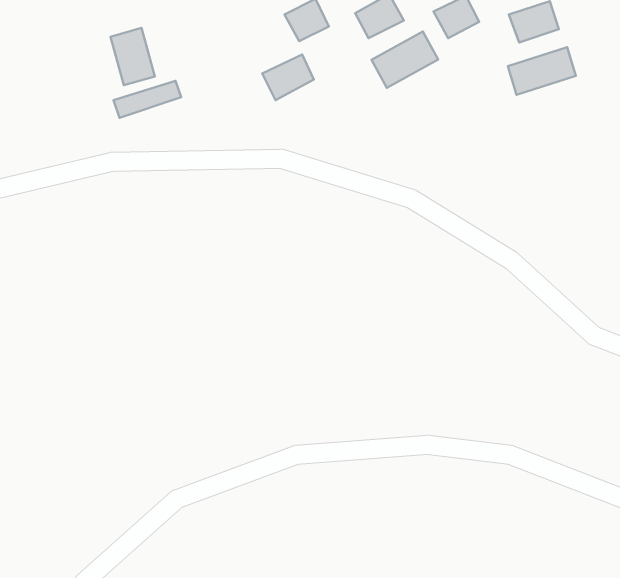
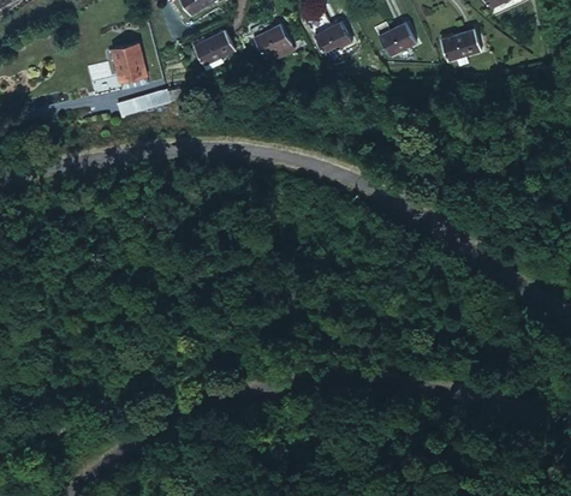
building: [372,31,438,88] -> none
building: [508,47,576,95] -> none
building: [262,54,314,100] -> [191,29,233,66]

